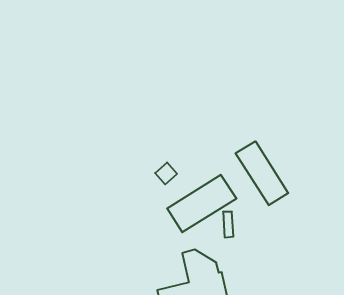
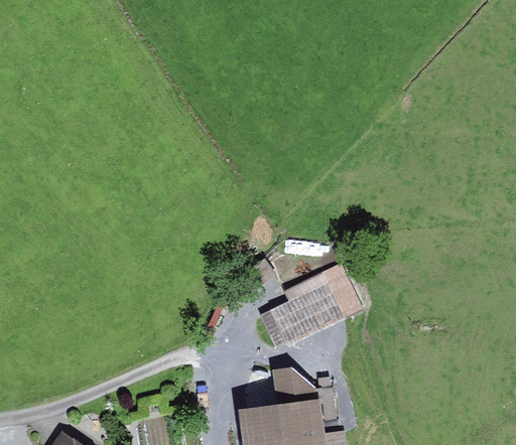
building: [236,141,288,205] -> none

